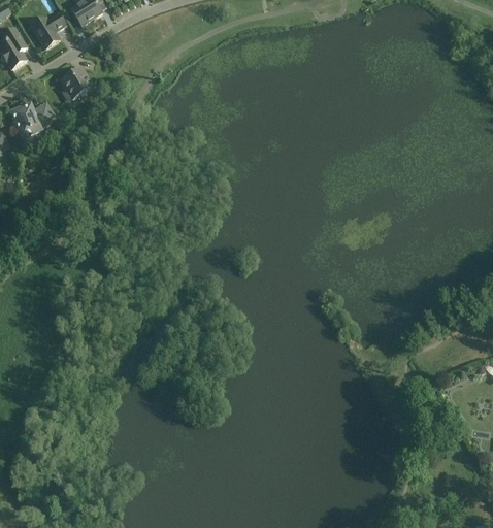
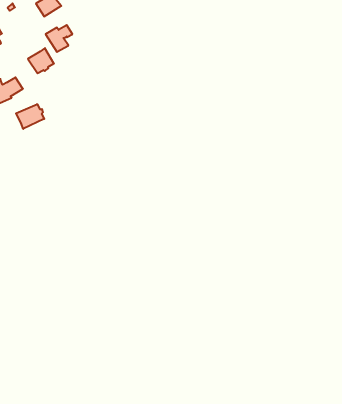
building: [29,13,63,47] -> [46,25,72,52]
building: none -> [16,104,44,129]

